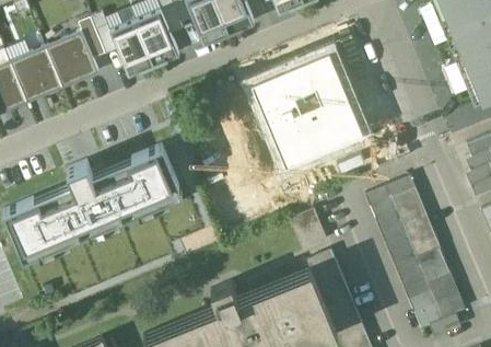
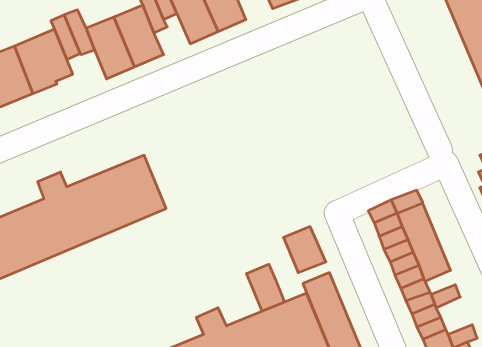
building: [245,43,365,170] -> none
building: none -> [247,264,285,311]
building: [428,271,460,305] -> none

